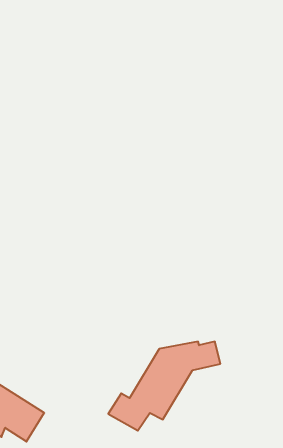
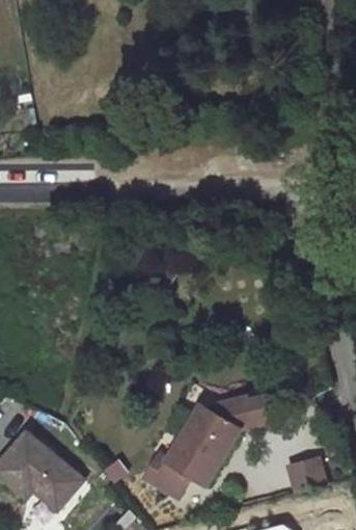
building: none -> [284,455,324,489]

